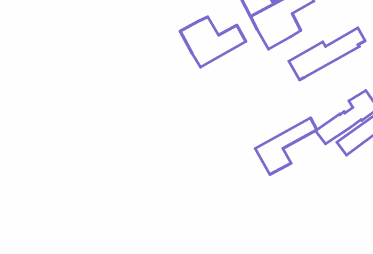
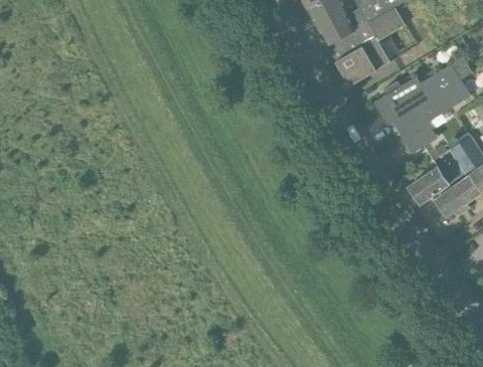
building: [180,17,246,67] -> none
building: [255,118,317,175] -> [394,82,471,153]

